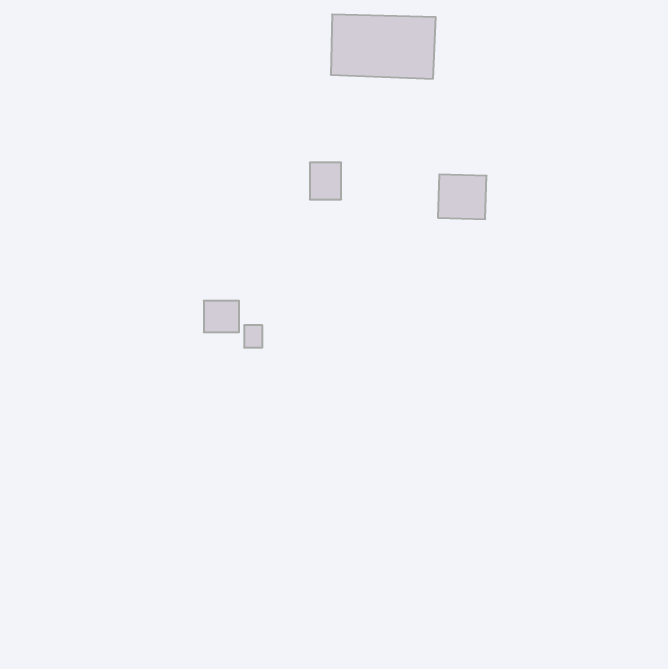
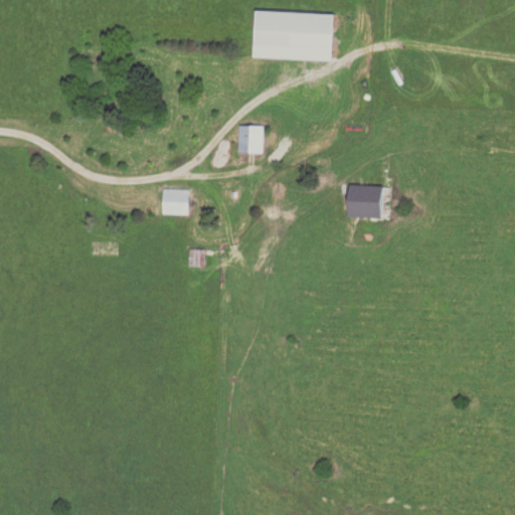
building: [438,174,487,219] -> [348,185,385,219]
building: [204,301,239,332] -> [160,189,187,213]

